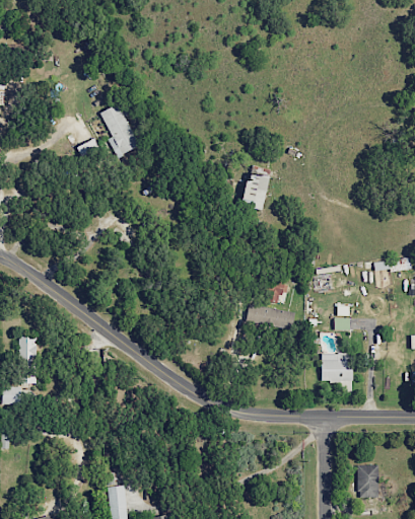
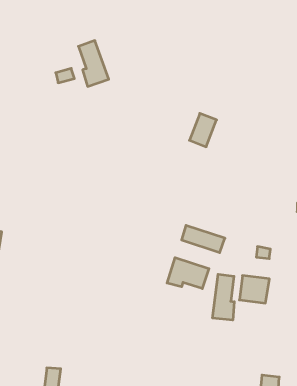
building: none -> [167,258,209,289]
building: none -> [213,274,234,320]

